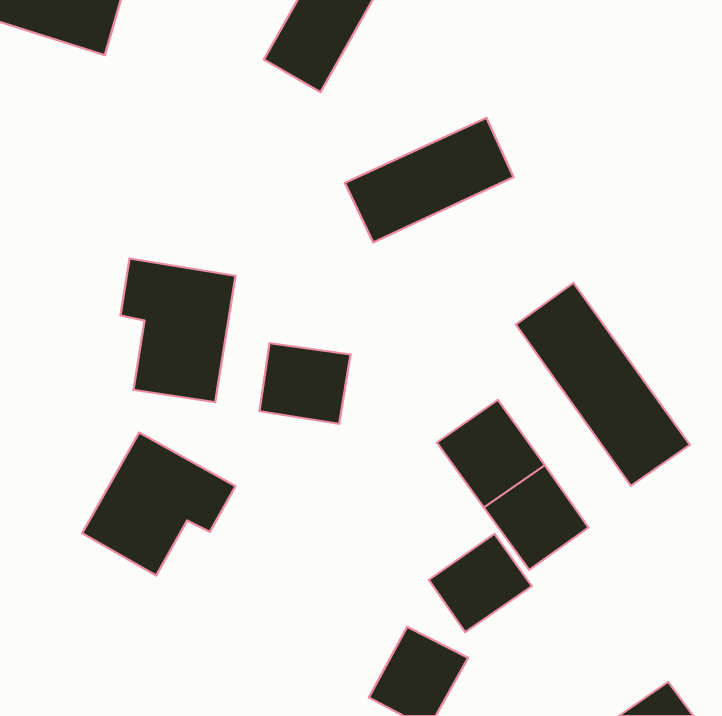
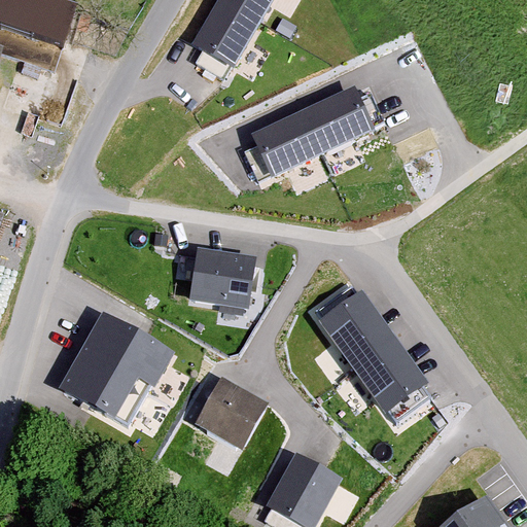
building: [120,259,235,402] -> none
building: [516,283,690,486] -> none
building: none -> [194,378,266,448]
building: [429,534,532,632] -> none

